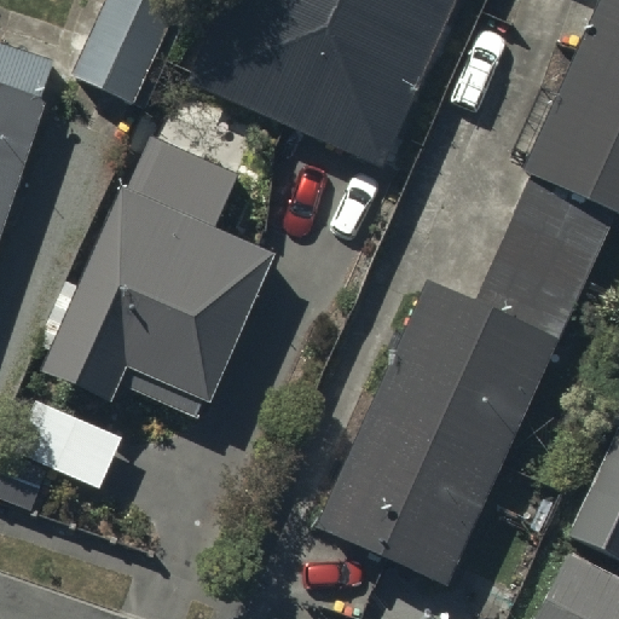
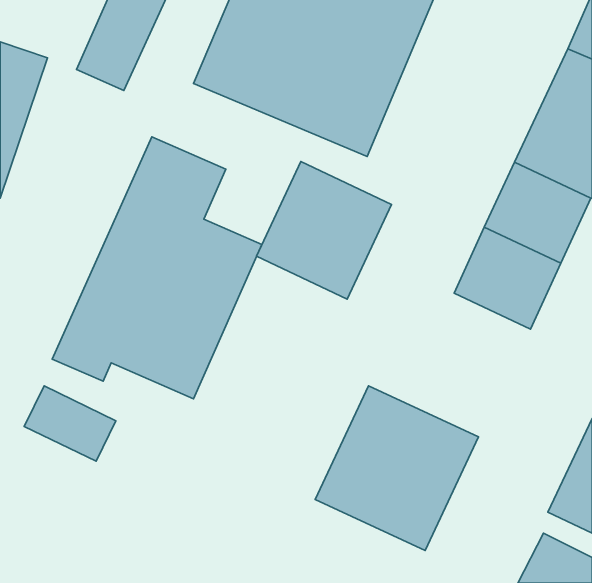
building: none -> [257,162,392,299]
building: [384,289,554,459] -> none

